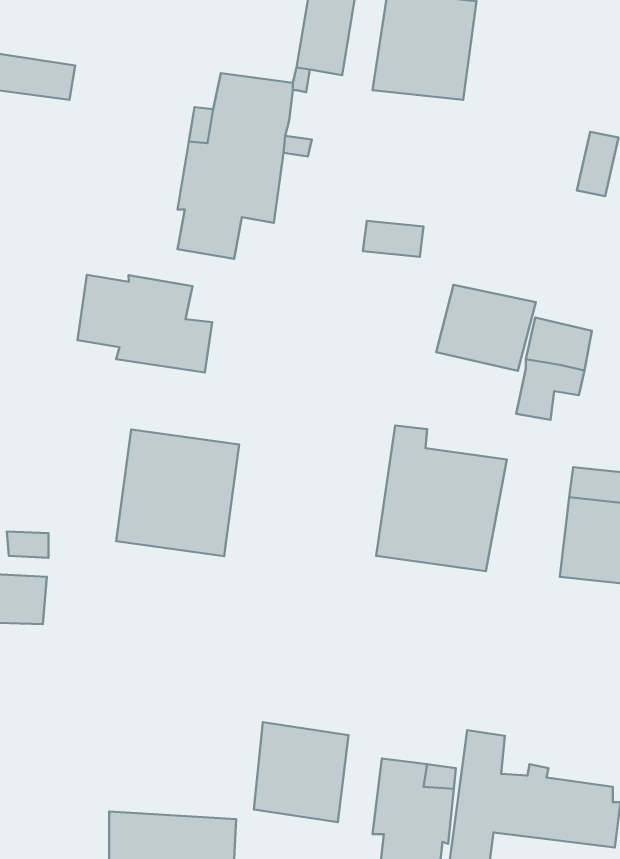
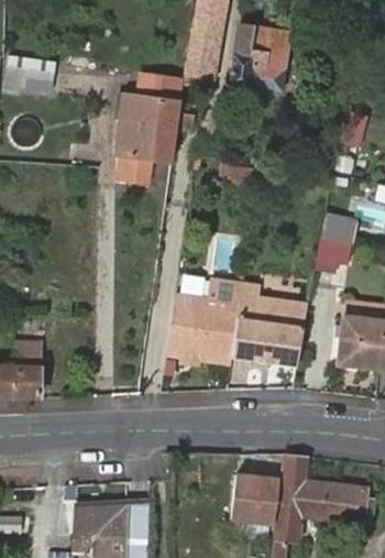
building: [78,275,212,372] -> none
building: [436,285,536,371] -> none
building: [116,429,239,556] -> [168,288,240,362]
building: [254,722,349,822] -> none

